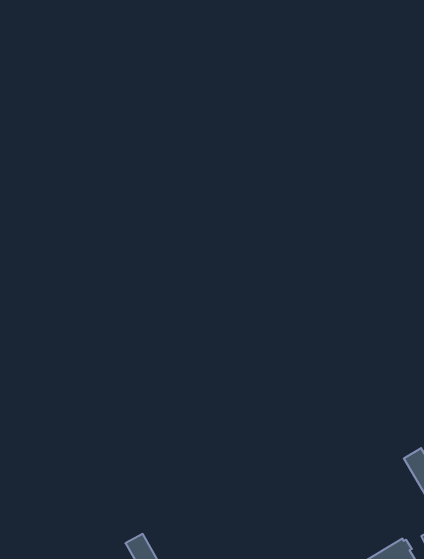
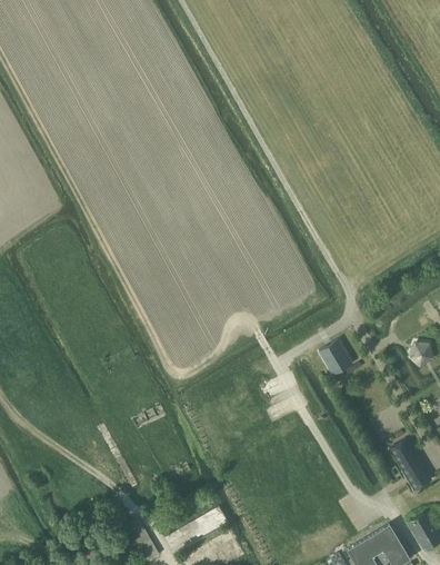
building: none -> [319,341,352,376]

